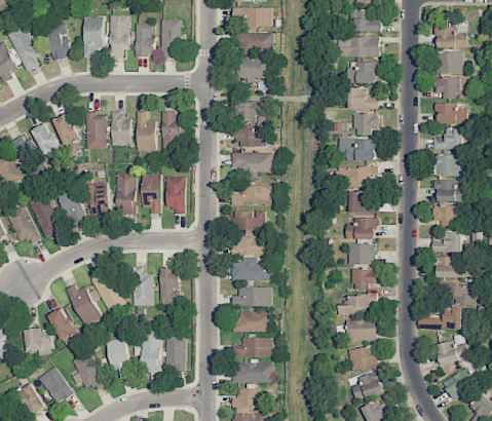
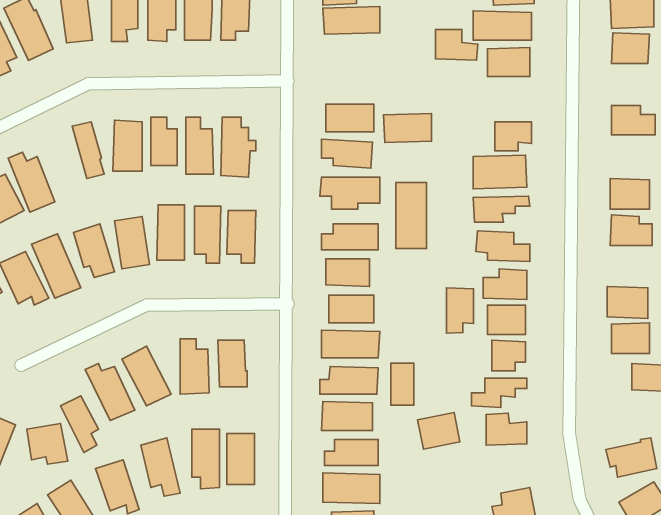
building: [235,58,269,78] -> [383,113,432,143]
building: [437,77,459,97] -> none
building: [349,87,379,109] -> [436,30,478,60]
building: [32,122,60,156] -> none
building: [433,128,463,149] -> none
building: none -> [396,183,427,249]
building: [433,205,462,227] -> none
building: none -> [447,288,474,333]
building: none -> [391,363,414,405]
building: [431,308,461,330] -> none
building: [348,345,378,371] -> [418,413,460,449]

